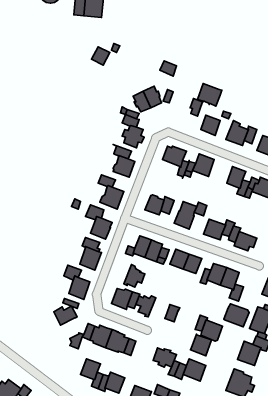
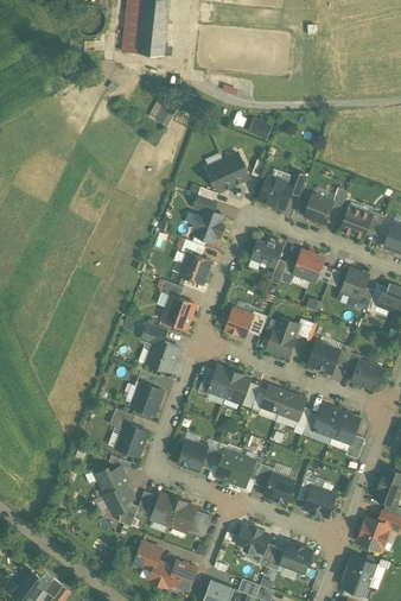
building: [197,84,222,106] -> [257,176,292,208]
building: [124,265,145,287] -> [229,454,259,486]
building: [224,304,249,327] -> none
building: none -> [102,482,133,514]
building: [191,334,212,356] -> [263,472,293,502]

